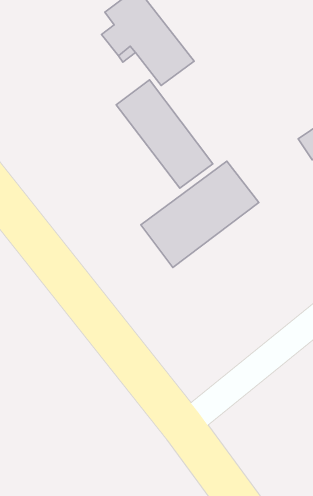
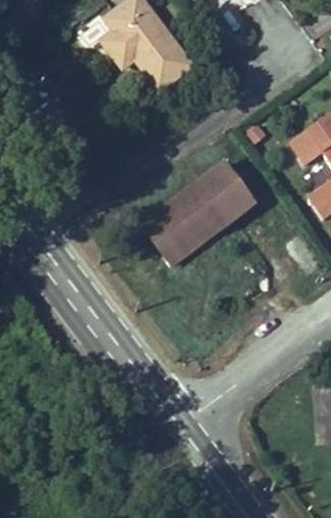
building: [116,80,213,188] -> none

